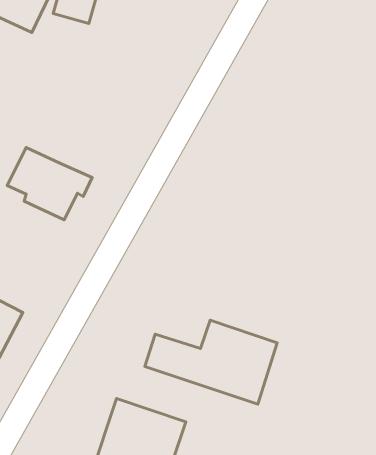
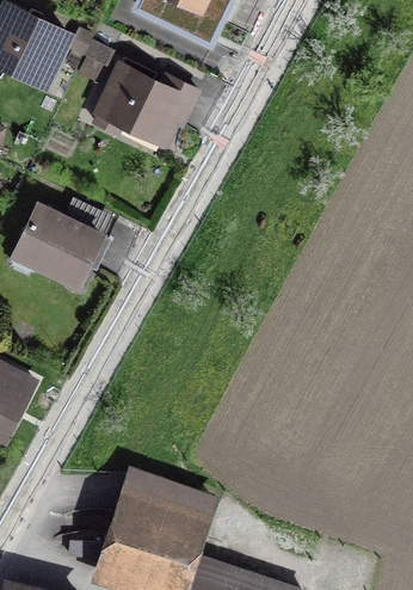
building: none -> [94,66,197,141]
building: [145,320,277,404] -> none

